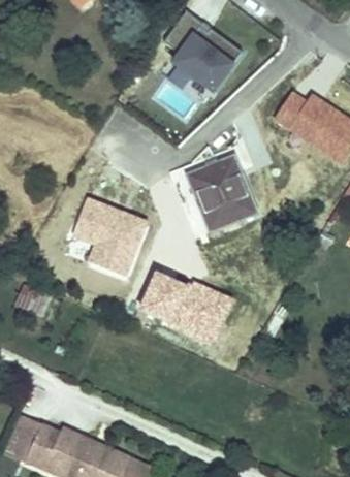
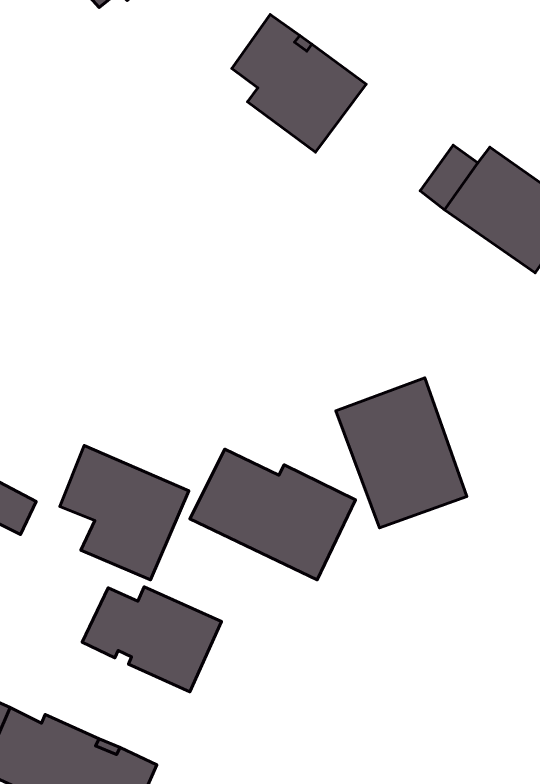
building: [181,144,258,232] -> [336,378,467,528]
building: [74,195,151,275] -> [60,445,189,580]
building: none -> [82,587,221,692]

